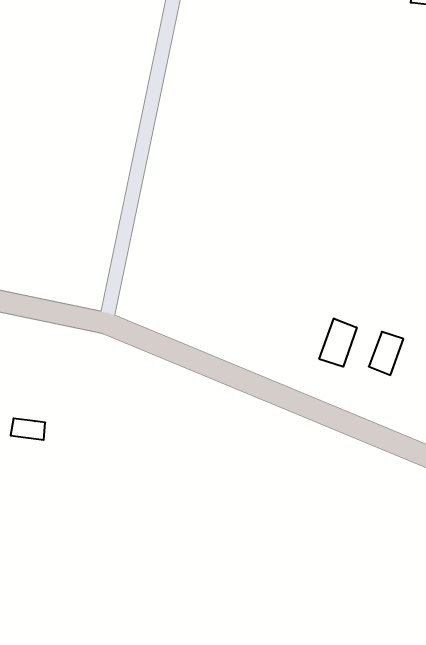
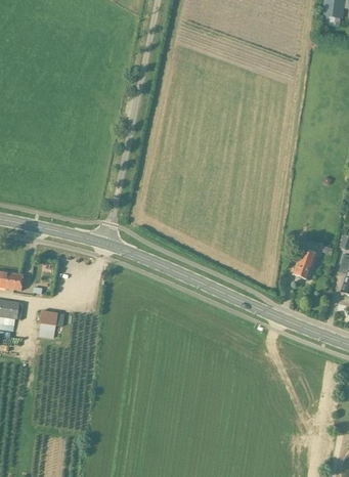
building: [319,318,357,367] -> none

